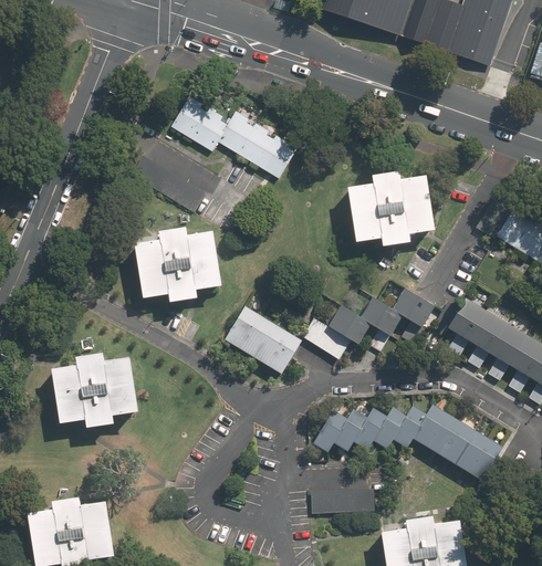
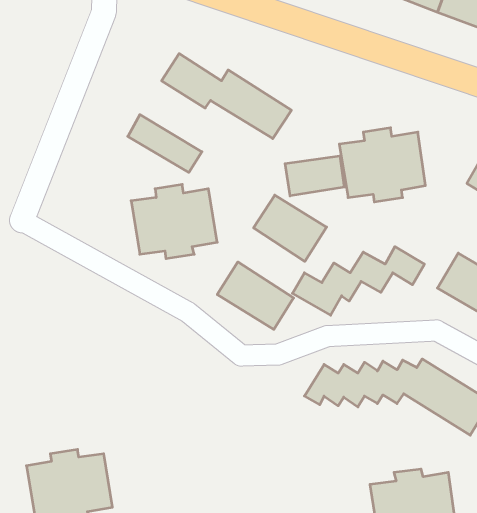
building: none -> [285,156,344,196]
building: none -> [254,195,327,261]
building: [53,350,142,426] -> none
building: [313,489,375,514] -> none

